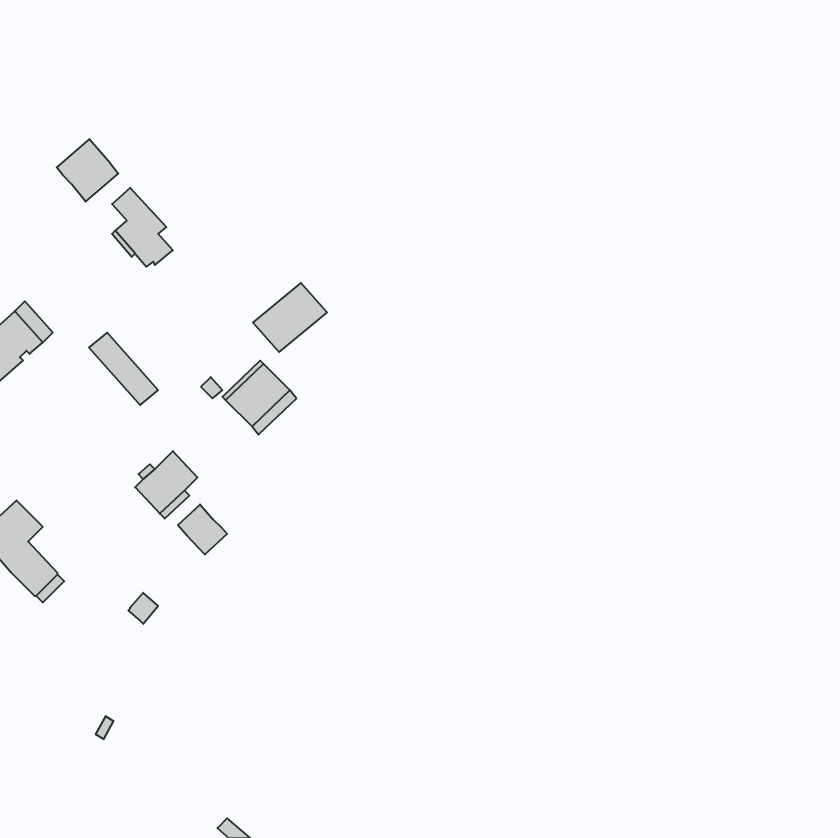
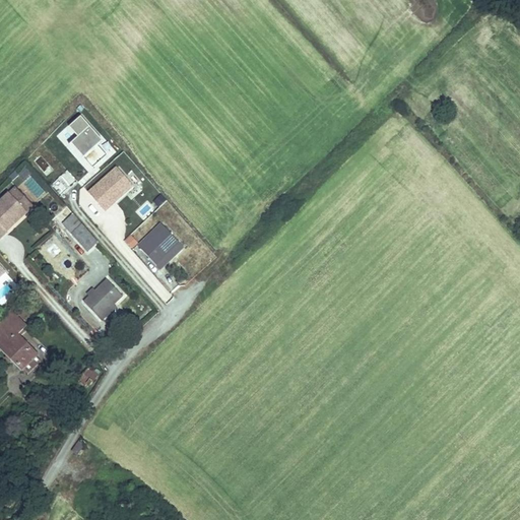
building: [57,139,118,202] -> none
building: [253,283,327,352] -> [87,167,133,209]
building: [178,504,227,555] -> none

